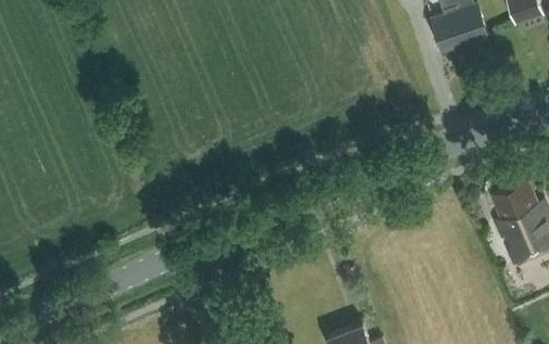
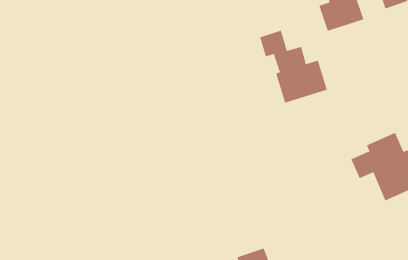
building: none -> [260,30,327,104]

